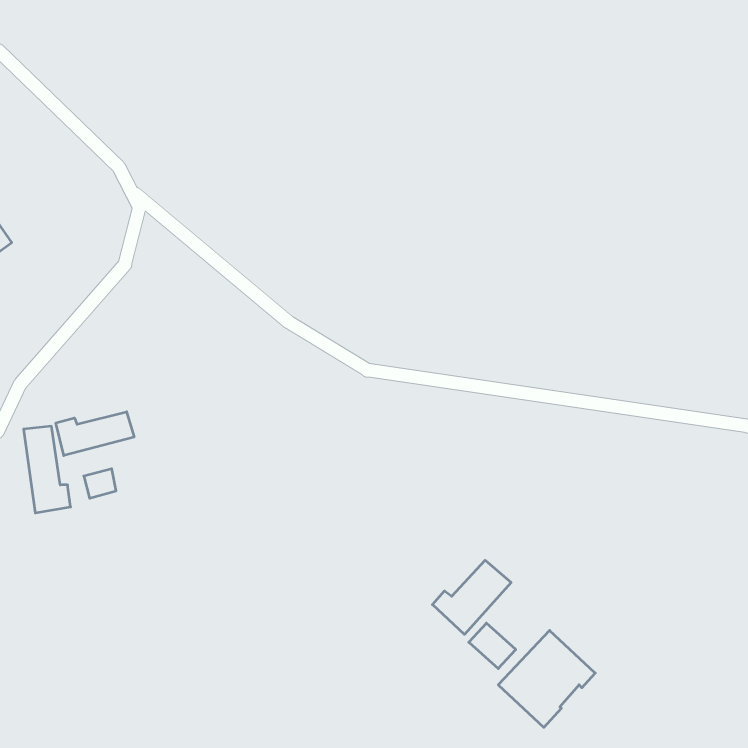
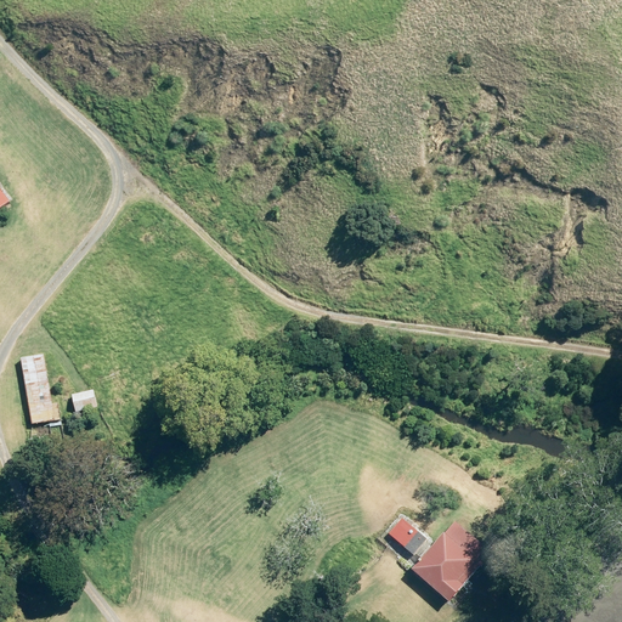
building: [56,412,134,456] -> none
building: [432,560,511,634] -> none

